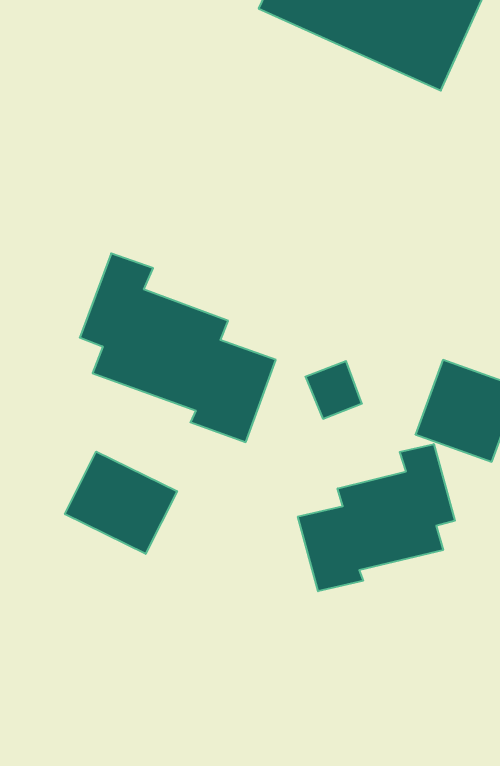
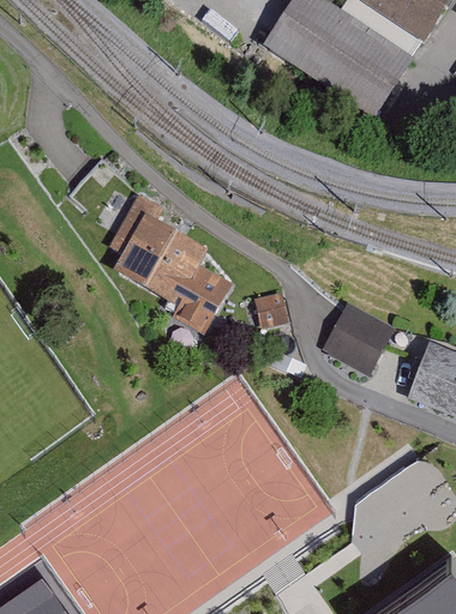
building: [298,444,455,591] -> none
building: [65,452,177,554] -> none

